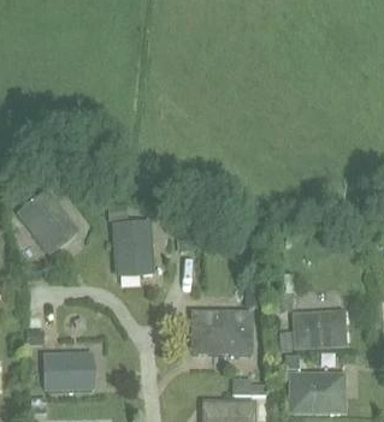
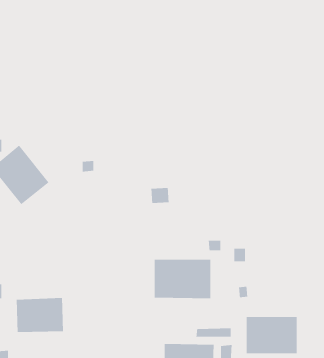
building: [113,220,153,275] -> none
building: [294,309,347,347] -> none

